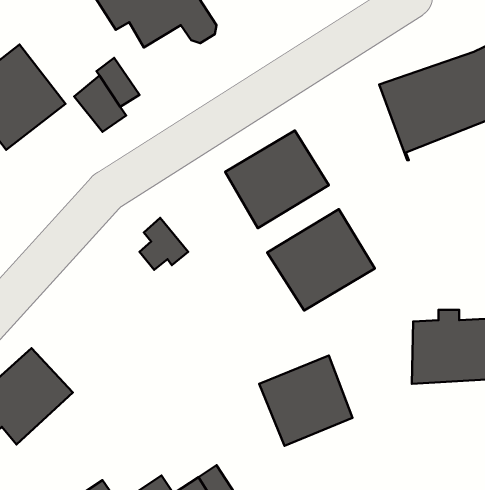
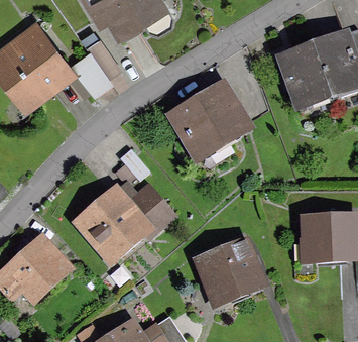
building: [267,209,375,311] -> none
building: none -> [82,188,167,257]

